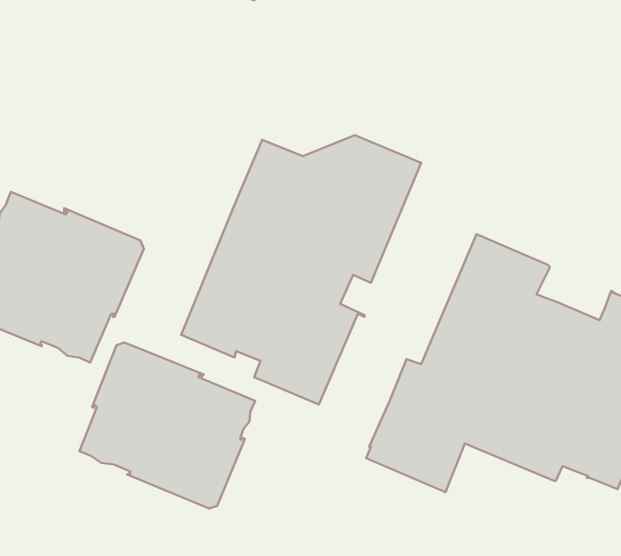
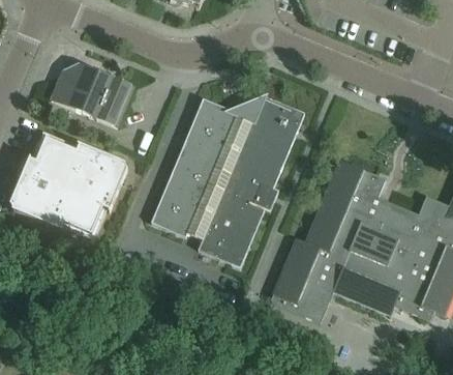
building: none -> [51,63,134,127]
building: [80,342,255,509] -> none

